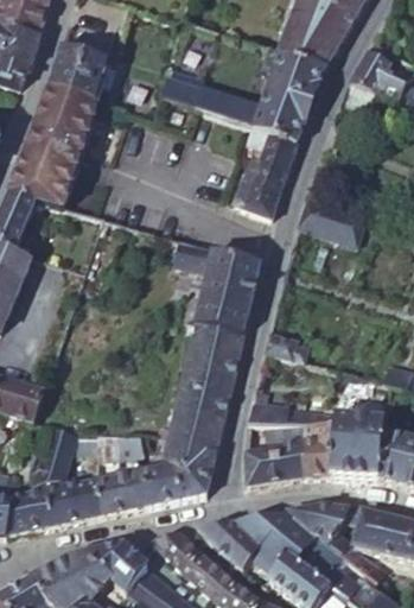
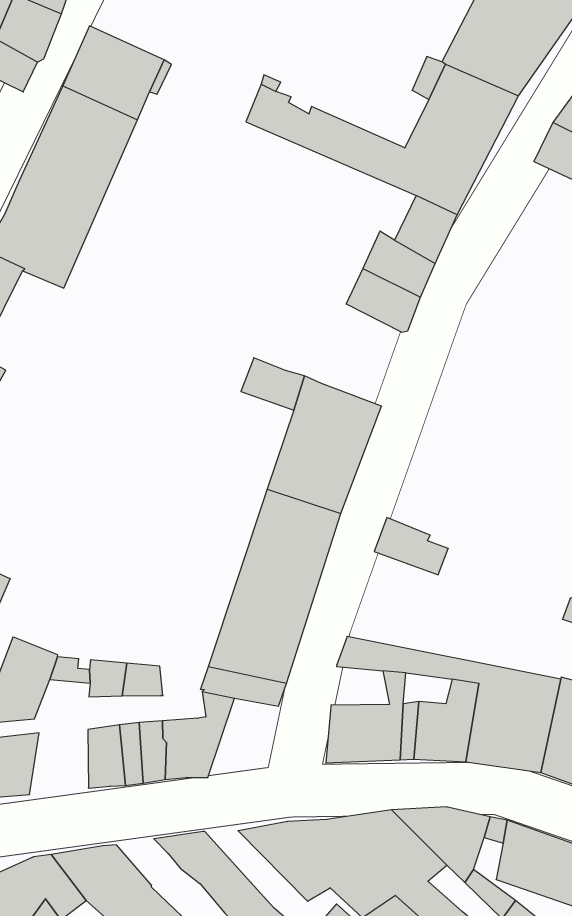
building: [298,192,363,242] -> none
building: [174,449,214,499] -> none
building: [66,476,102,519] -> none

